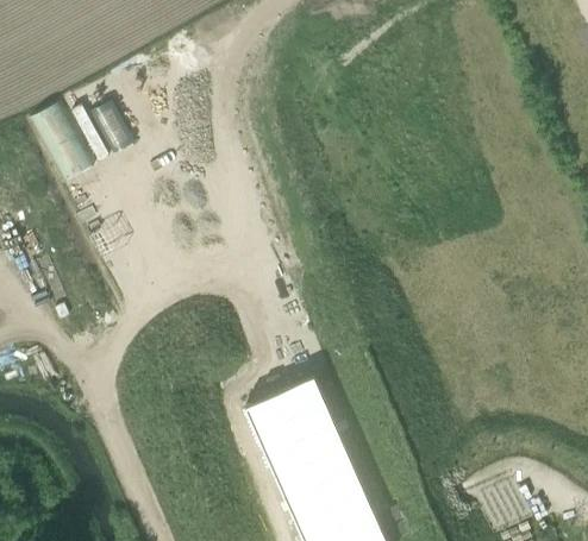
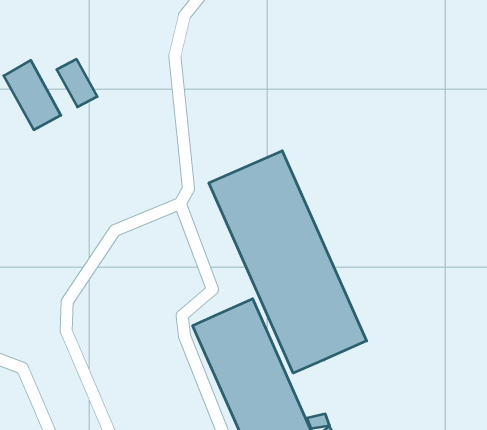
building: none -> [209,151,367,373]

